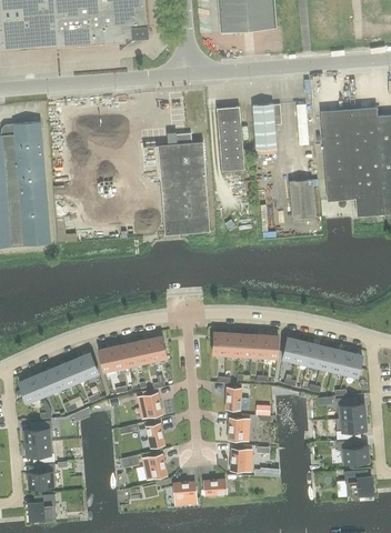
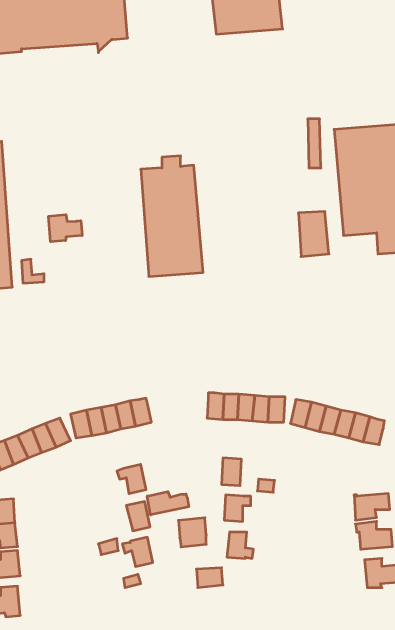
building: [252,103,282,150] -> none
building: [217,107,244,171] -> none
building: none -> [49,215,82,242]
building: [338,398,365,419] -> none
building: none -> [147,492,189,515]
building: [173,481,197,505] -> [178,518,206,547]

